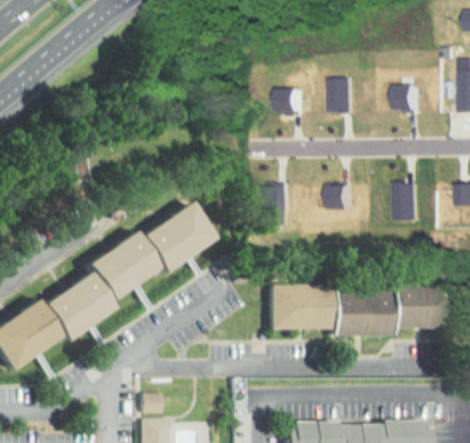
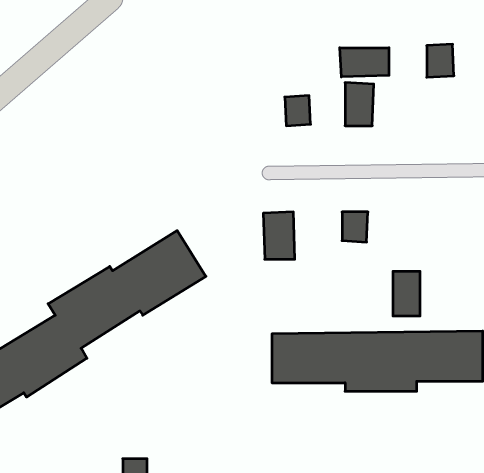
building: none -> [340,48,389,77]
building: [394,84,417,112] -> [427,44,454,77]
building: [389,183,412,220] -> [393,271,420,316]

